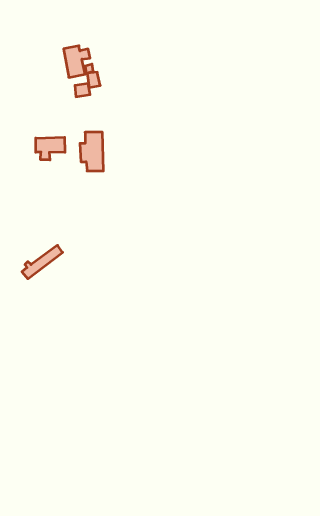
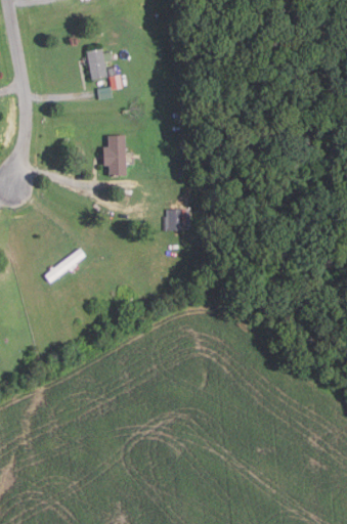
building: [36,137,65,160] -> none
building: none -> [166,209,189,230]

